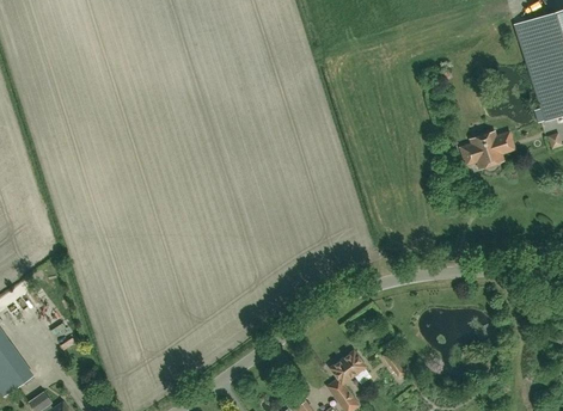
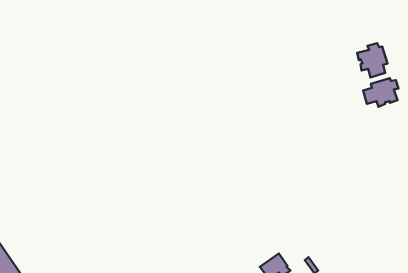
building: none -> [357,43,387,77]

